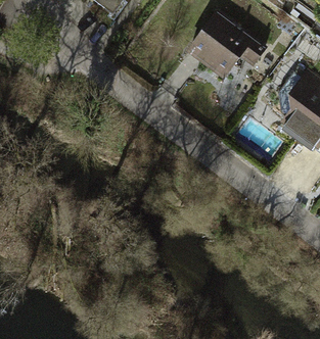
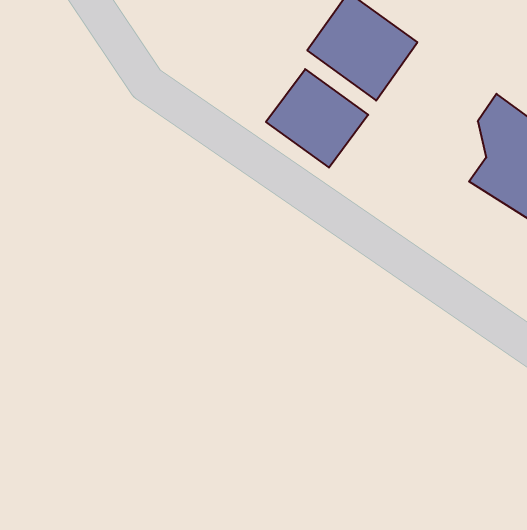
building: none -> [266,69,368,168]

